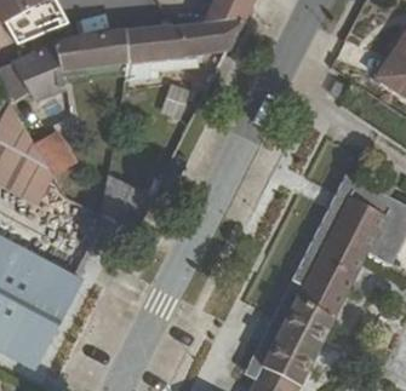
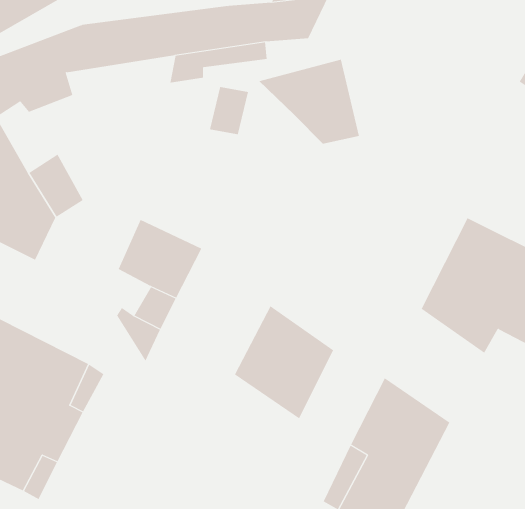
building: none -> [258,59,359,144]
building: [285,236,355,316] -> [234,305,334,419]

